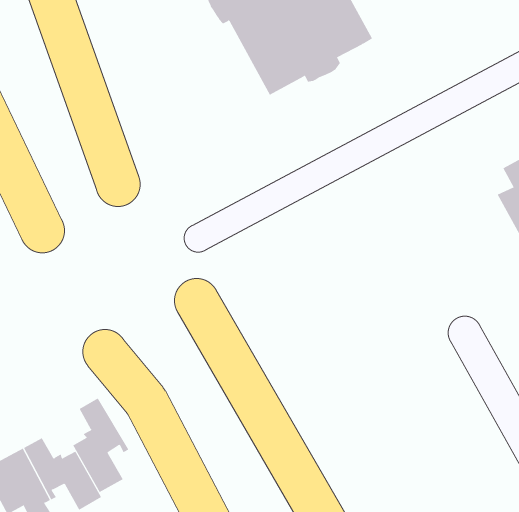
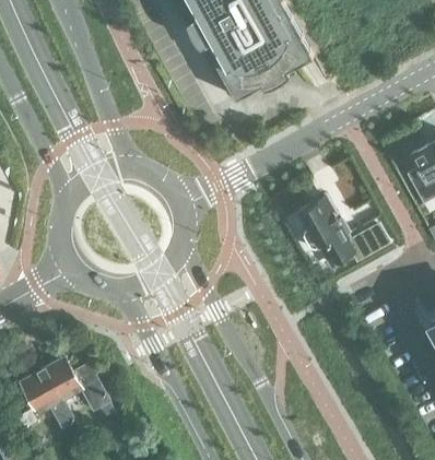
building: none -> [299,199,387,264]
building: [73,397,129,493] -> none

